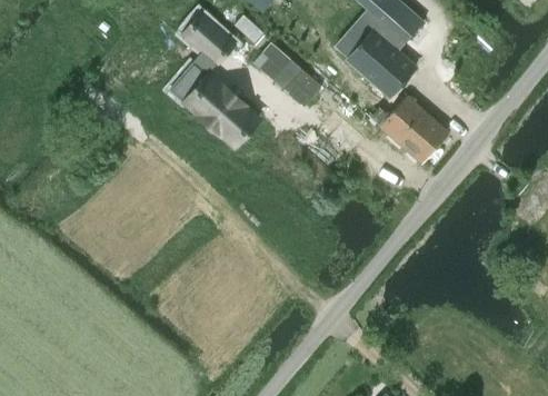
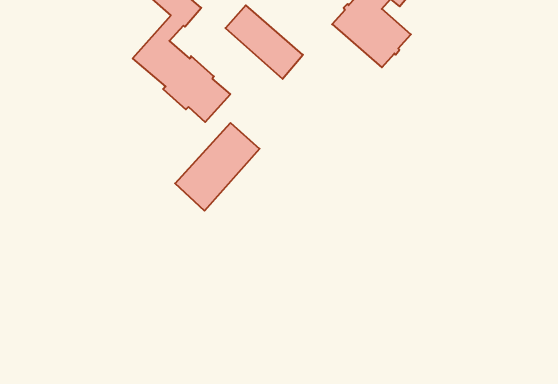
building: [380,96,449,162] -> none
building: none -> [175,123,260,211]

